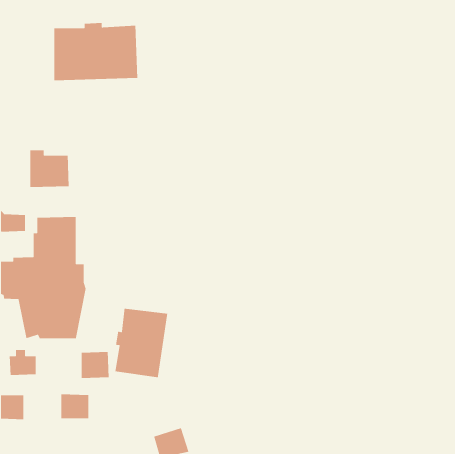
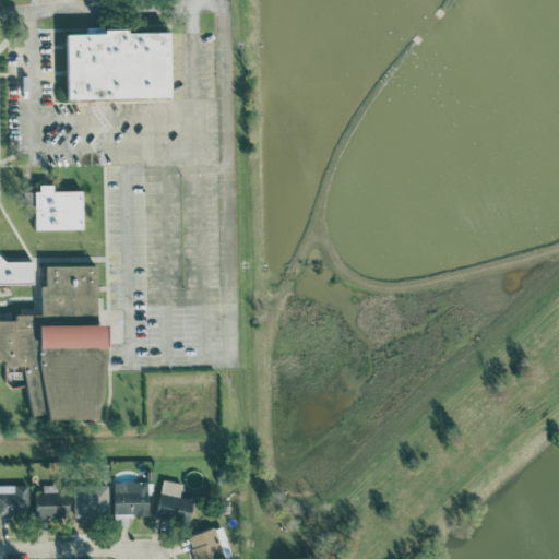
building: [114,308,168,378] -> none
building: [9,349,36,376] -> [36,485,70,518]
building: [81,351,109,379] -> [115,480,150,514]
building: none -> [157,479,194,521]

